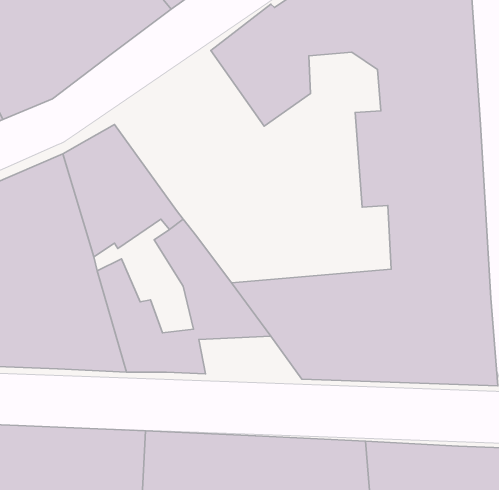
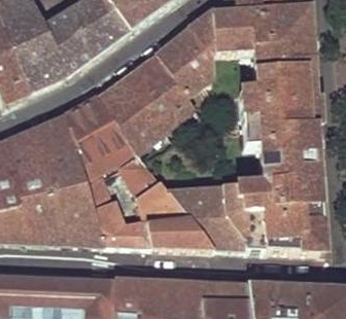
building: none -> [99,52,197,148]
building: none -> [149,223,211,249]

